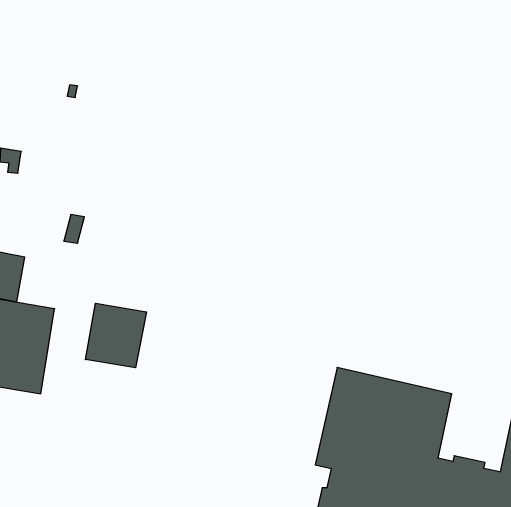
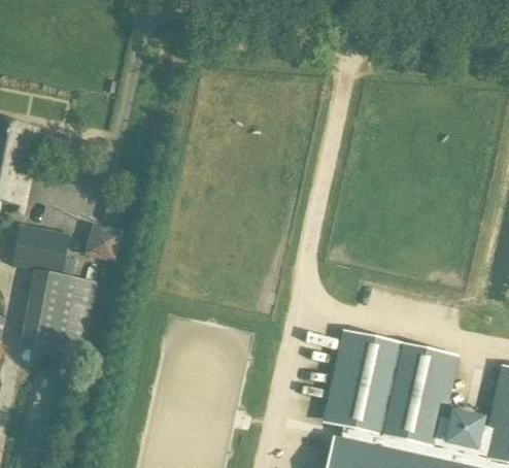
building: none -> [80,226,117,261]
building: [85,303,147,368] -> none

